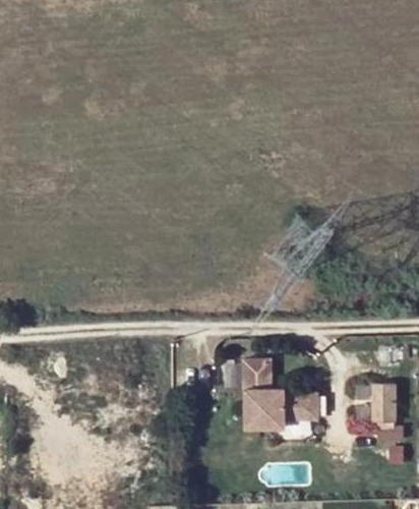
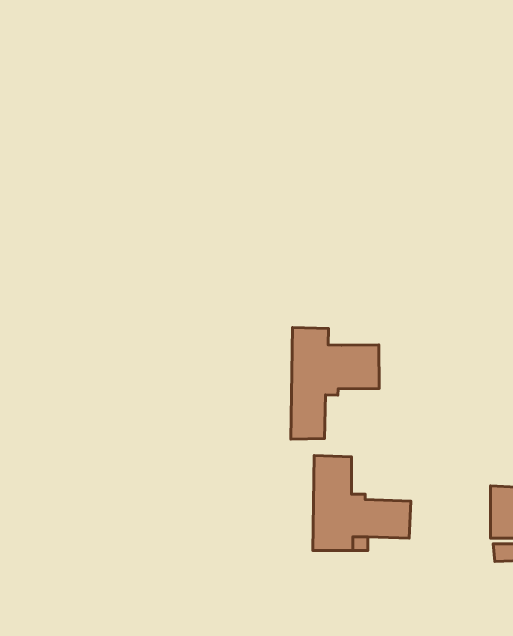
building: none -> [291,327,379,439]

